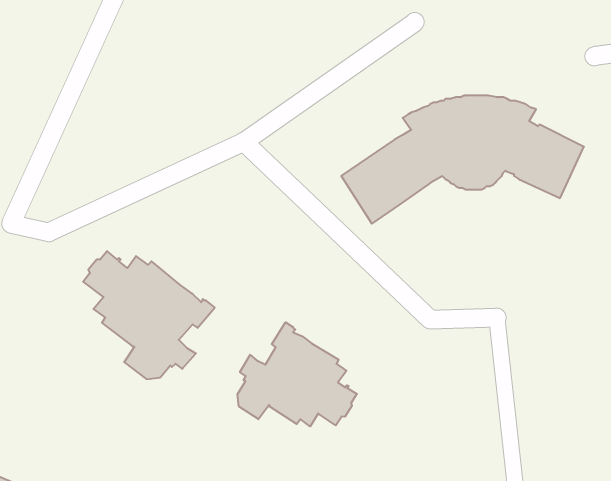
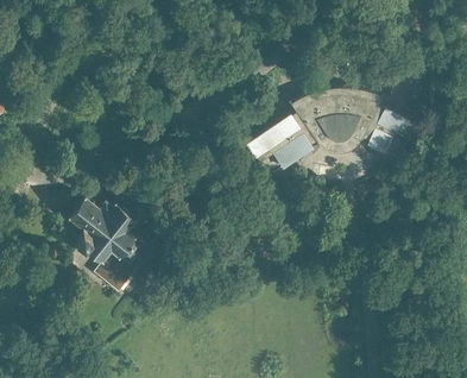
building: [237,322,357,426] -> none

